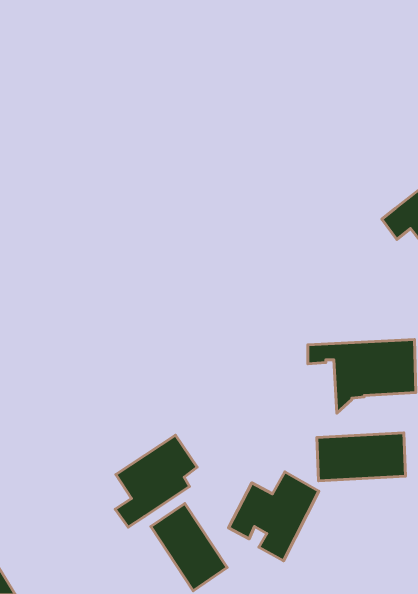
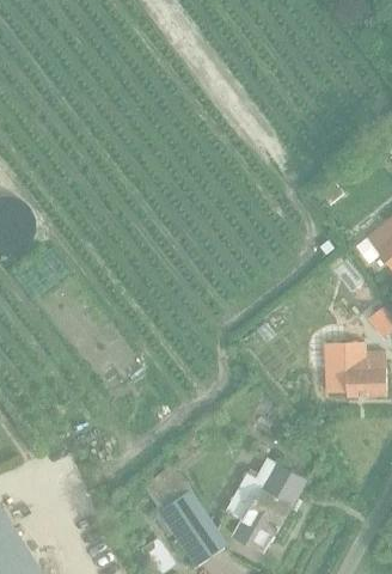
building: [317,433,405,481] -> none
building: [115,435,197,527] -> none

